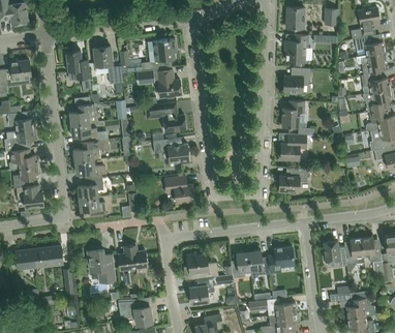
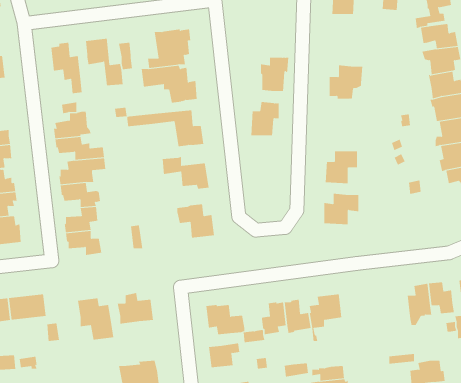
building: [285,35,308,62] -> [260,57,289,92]
building: [281,100,304,127] -> [250,102,279,136]
building: [324,241,346,267] -> none

